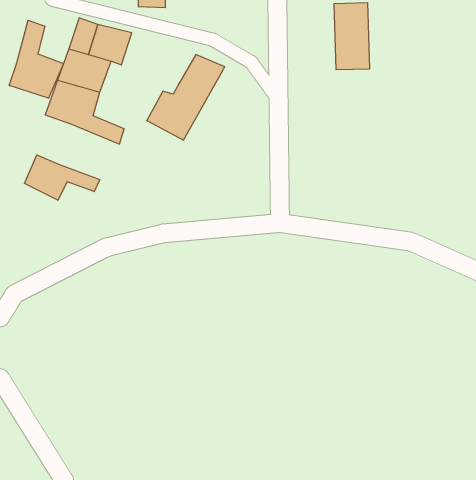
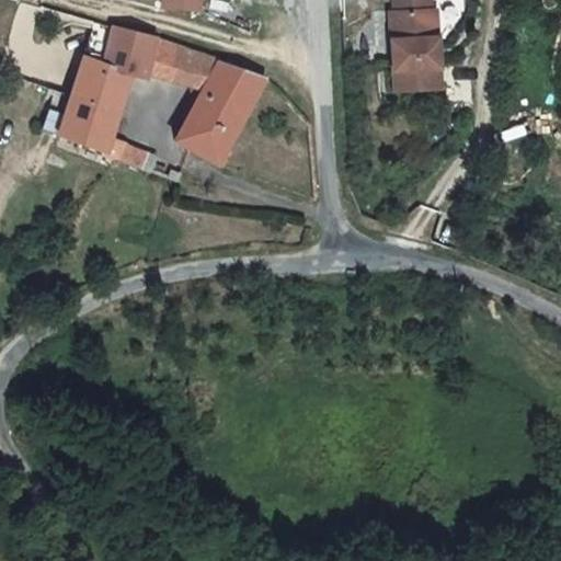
building: [9,20,63,98] -> none
building: none -> [147,38,233,98]
building: [24,155,100,200] -> none

